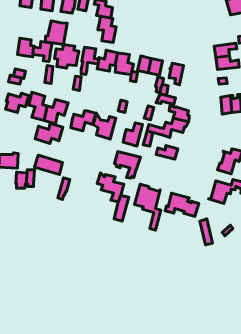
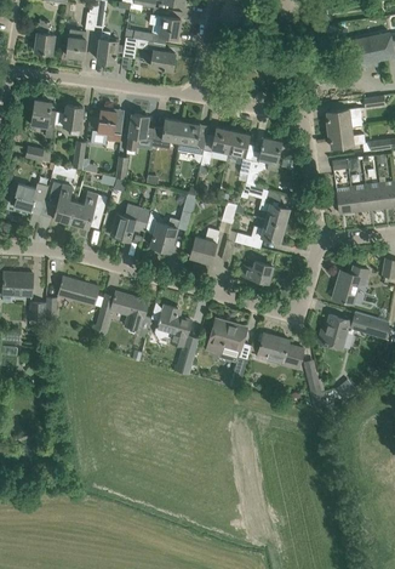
building: [98,16,116,43] -> none
building: [45,21,67,45] -> none
building: [35,123,63,143] -> none
building: [115,152,140,178] -> [110,292,149,332]

